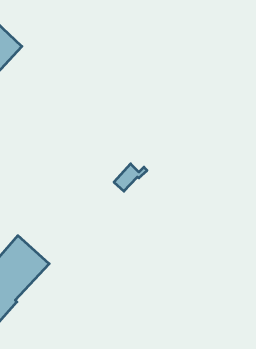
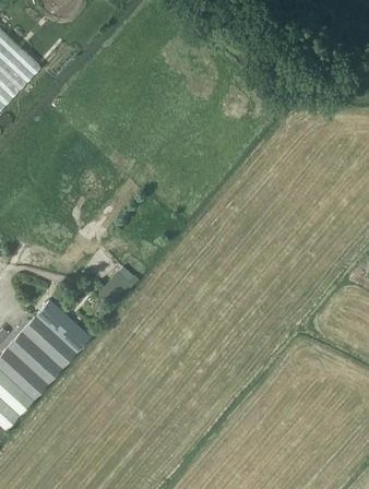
building: [114,164,147,191] -> [95,271,139,307]
building: none -> [34,299,91,353]

